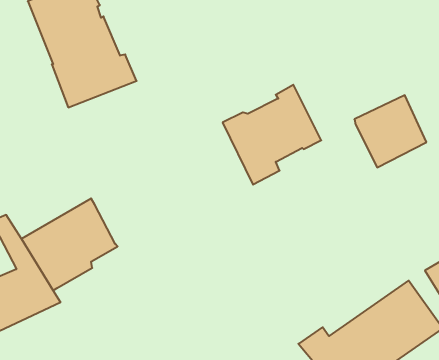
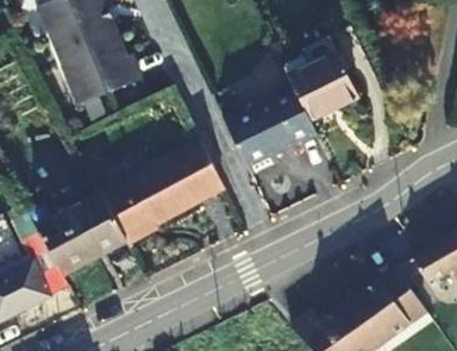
building: [354,95,426,167] -> [288,57,356,125]
building: none -> [98,142,223,234]

